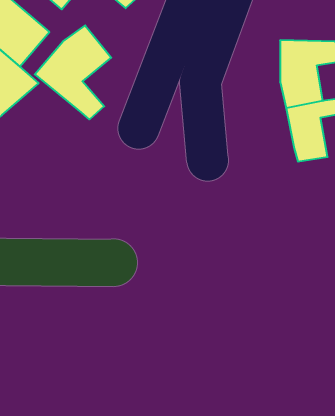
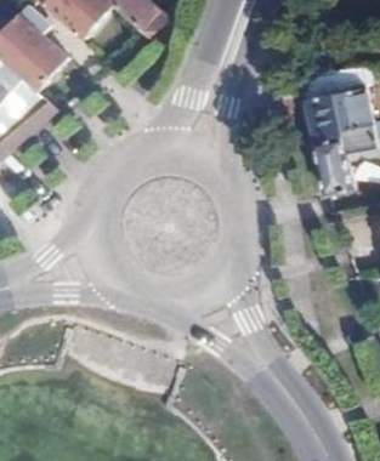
building: [35,25,111,119] -> none

